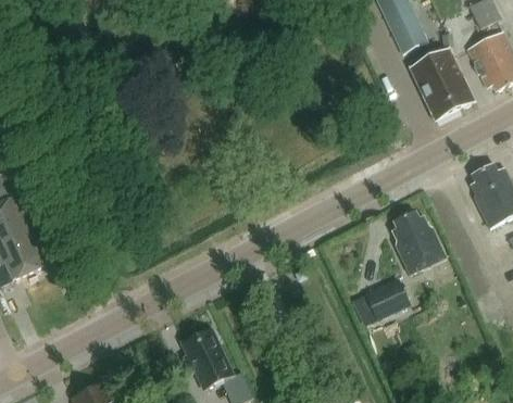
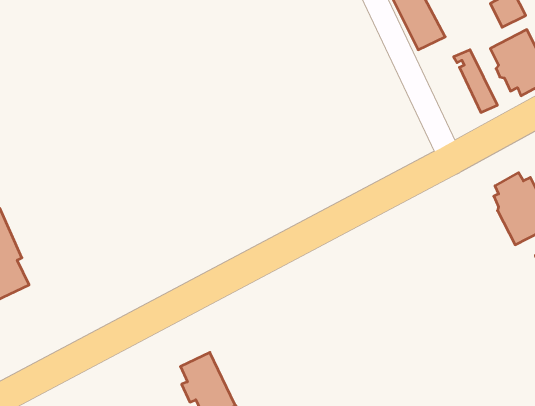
building: [410,55,459,118] -> none
building: [392,212,446,274] -> none
building: [361,277,408,320] -> none

